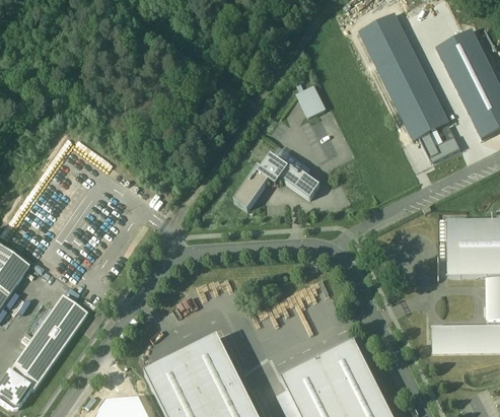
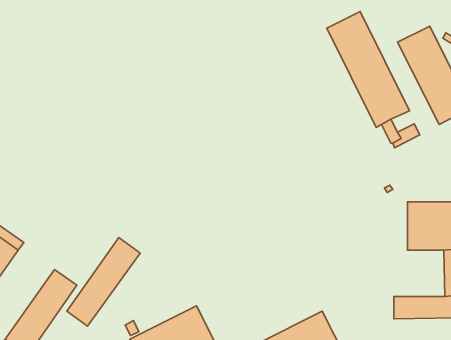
building: [297,86,325,117] -> none
building: [235,154,319,208] -> none
building: none -> [67,238,140,326]

